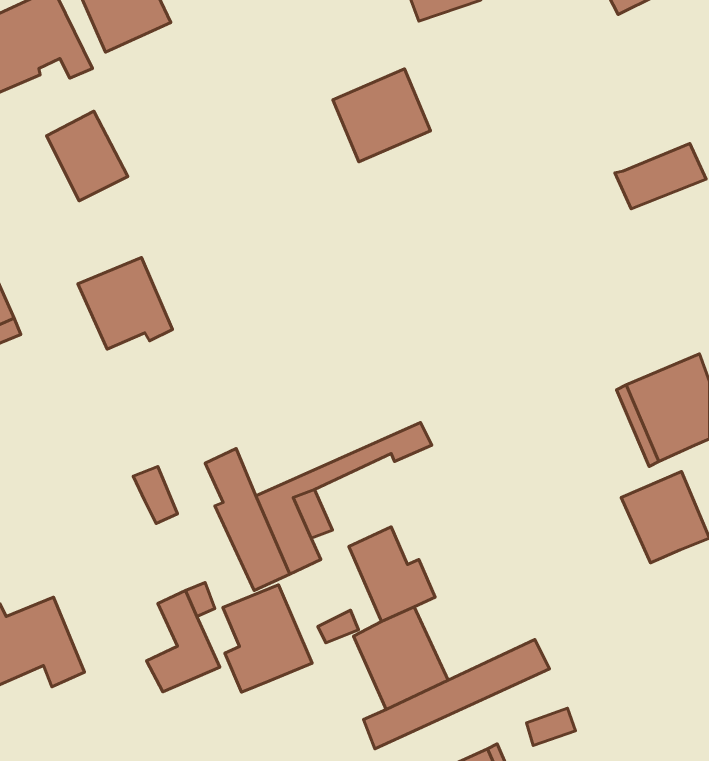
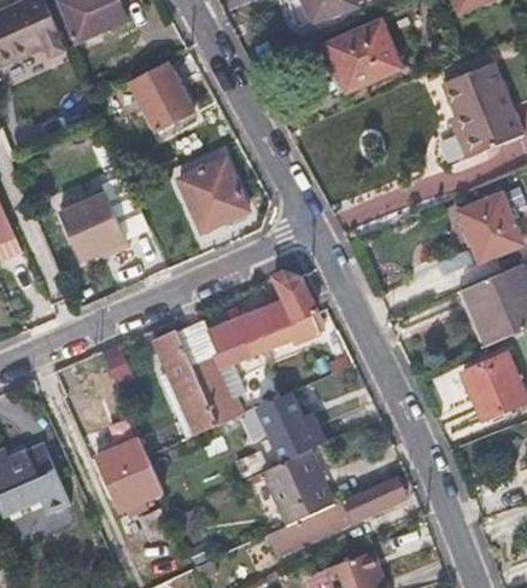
building: [333,69,431,162] -> [327,17,399,86]
building: none -> [443,62,511,128]
building: [46,111,128,201] -> [131,64,192,130]
building: none -> [180,158,251,231]
building: none -> [455,187,519,258]
building: none -> [176,273,318,368]
building: [223,585,312,692] -> none

